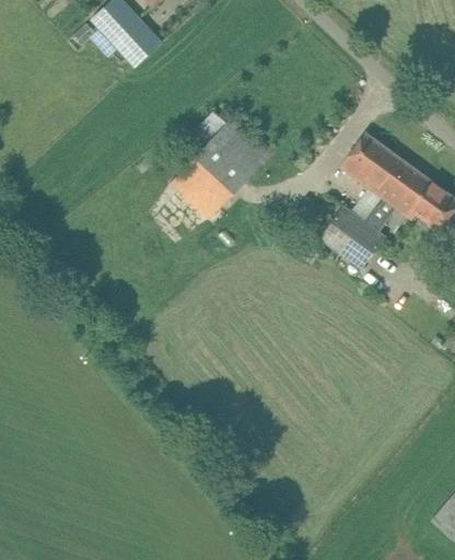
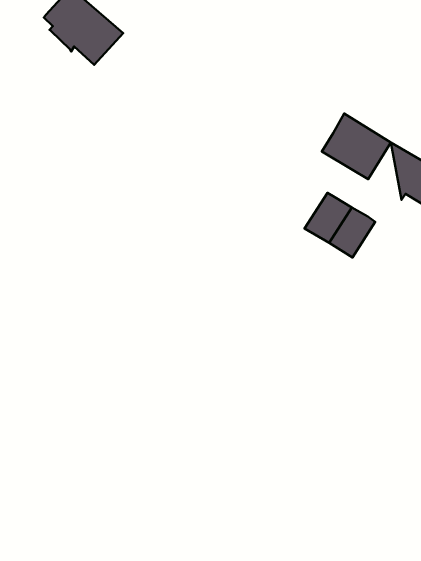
building: [168,114,272,218] -> none

